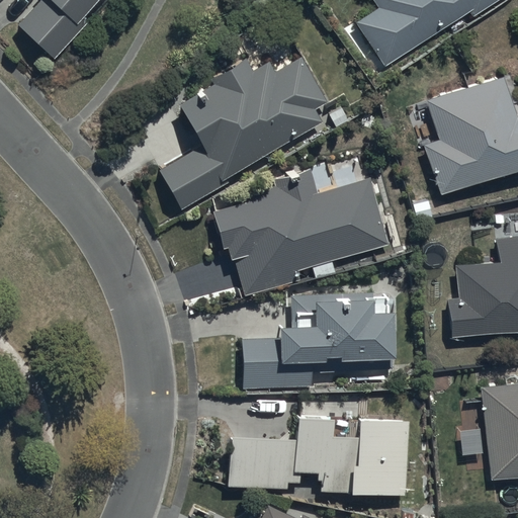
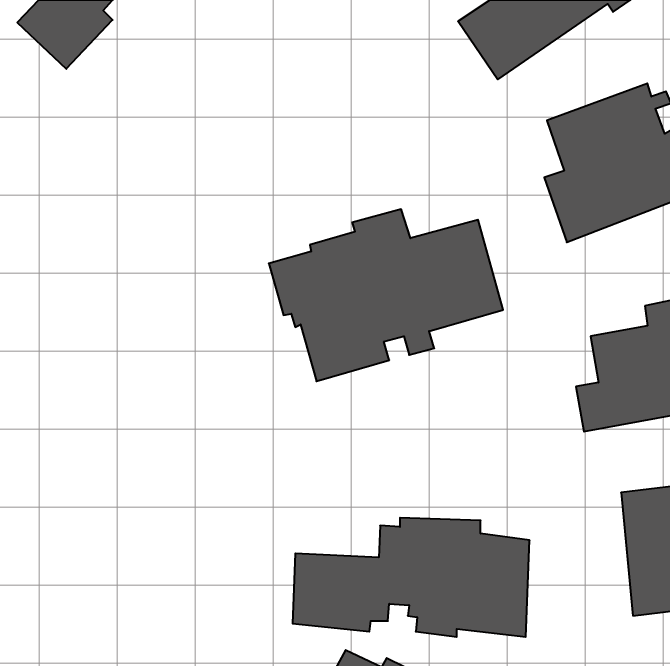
building: [160,58,329,209] -> none
building: [241,292,397,393] -> none

